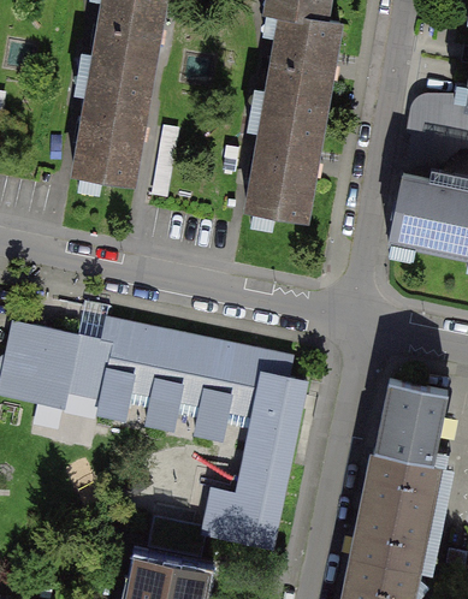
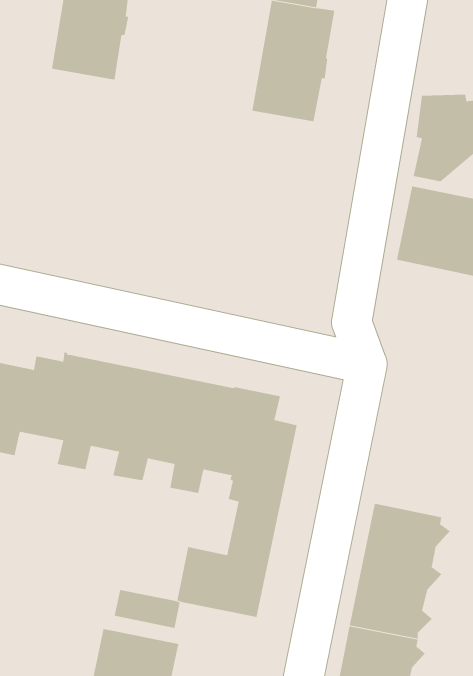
building: [77,73,149,183] -> none
building: [249,109,321,219] -> none
building: [373,378,448,461] -> none

